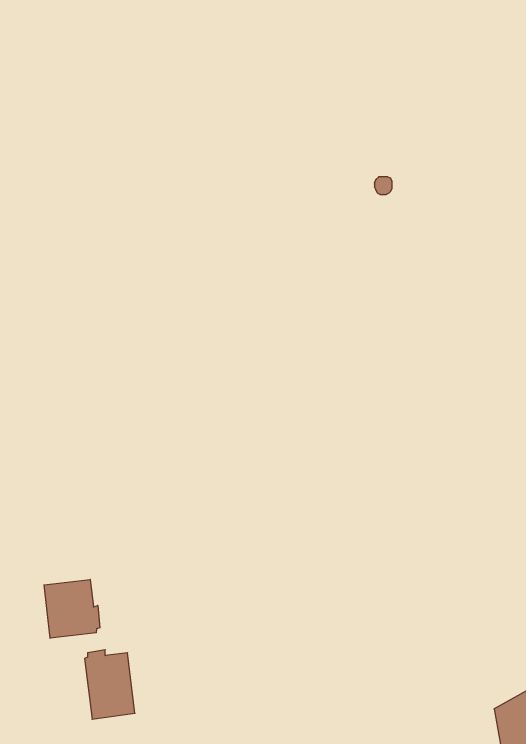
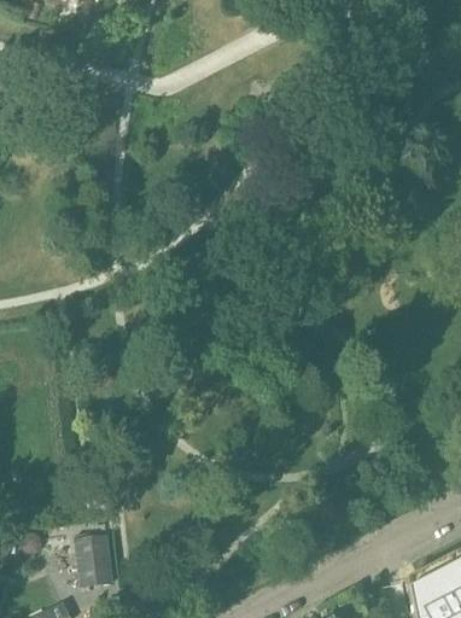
building: [44,579,100,638] -> none

